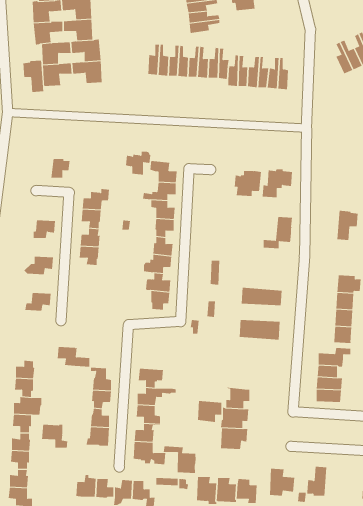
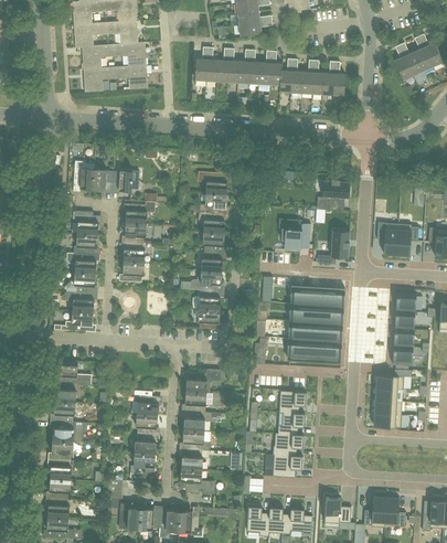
building: [23,60,44,93] -> none
building: none -> [73,161,94,190]
building: [125,151,151,175] -> [111,167,139,192]
building: [234,171,262,197] -> [280,223,310,251]
building: none -> [73,211,97,235]
building: none -> [376,222,397,255]
building: none -> [66,253,95,274]
building: none -> [295,287,339,309]
building: none -> [62,291,93,312]
building: none -> [292,323,337,342]
building: [57,347,90,367] -> [55,363,91,385]
building: none -> [185,369,221,393]
building: [197,401,222,422] -> [278,391,305,414]
building: [41,424,68,449] -> none
building: [163,446,197,474] -> none
building: none -> [383,497,405,528]

